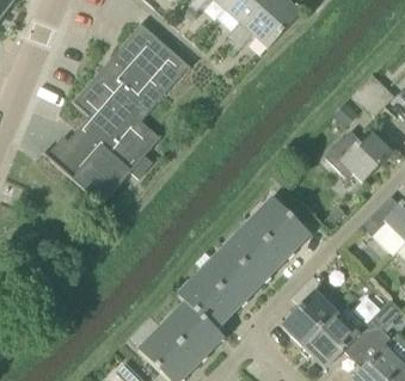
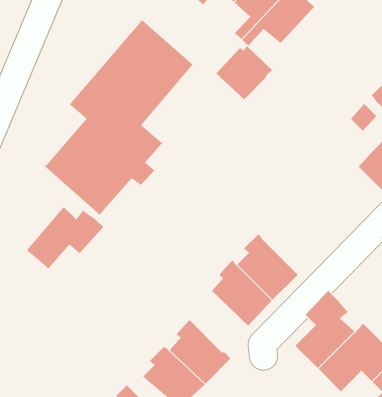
building: none -> [216,46,273,100]
building: none -> [26,206,104,270]
building: [252,197,311,259] -> none
building: [182,269,239,331] -> none

